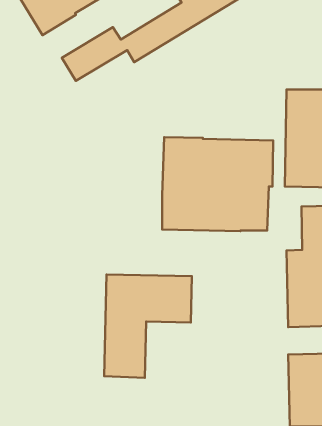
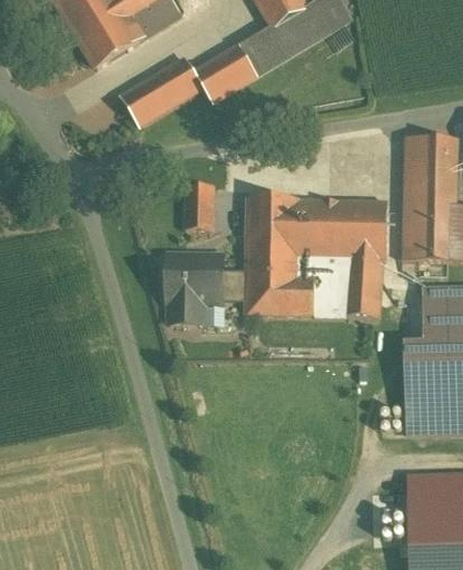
building: none -> [186,185,213,229]
building: none -> [167,254,247,324]
building: [104,274,192,378] -> none

